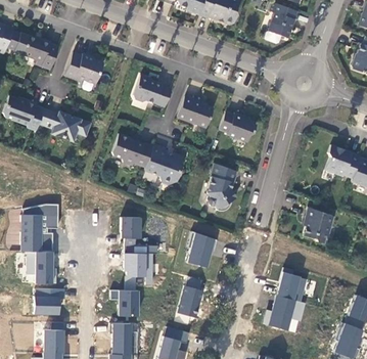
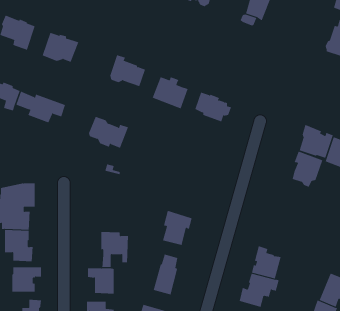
building: [143,147,183,185] -> none
building: [208,164,238,217] -> none
building: [301,208,332,244] -> [292,151,323,187]
building: [121,217,157,254] -> none

